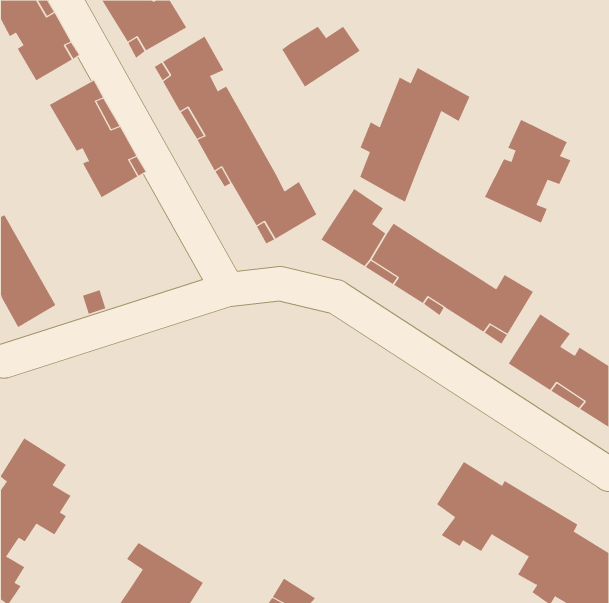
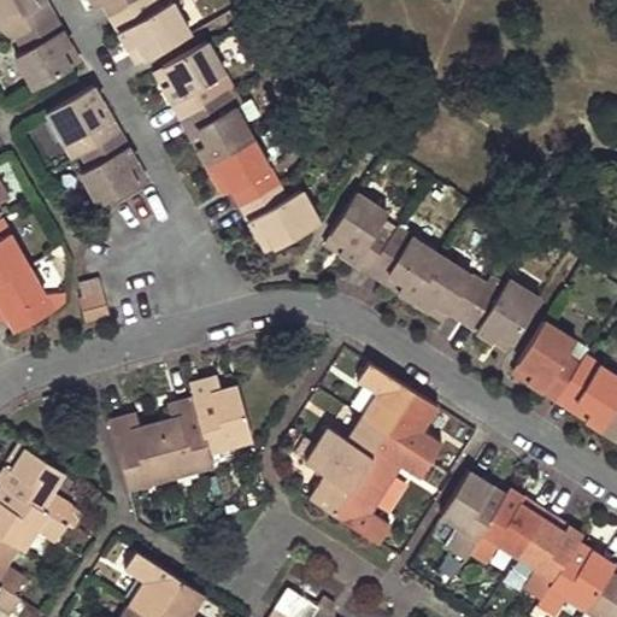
building: [281,26,361,87] -> none
building: [360,67,470,202] -> none
building: [484,119,571,224] -> none
building: none -> [305,363,442,542]
building: none -> [108,375,253,489]

